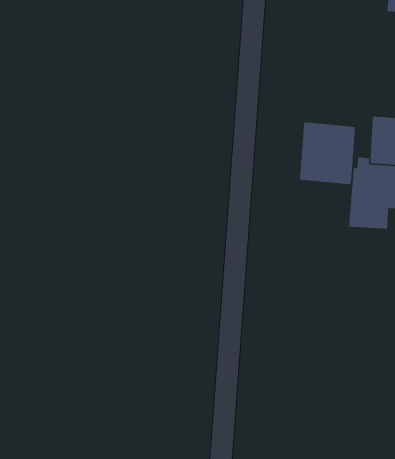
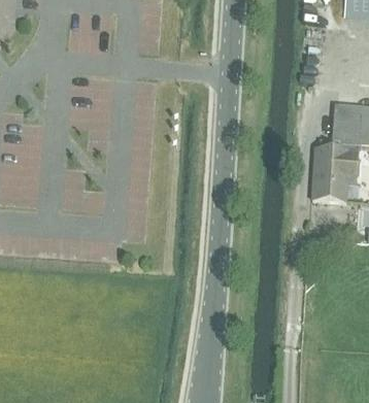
building: [299,122,356,185] -> none

